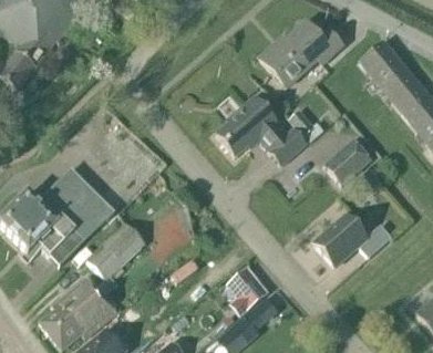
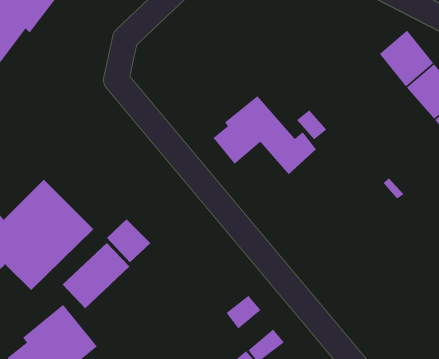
building: [260,21,343,86] -> none
building: [324,137,371,184] -> none
building: none -> [106,219,151,263]
building: [315,215,392,266] -> none

